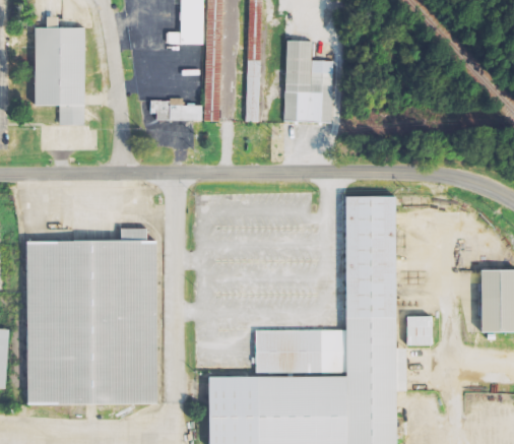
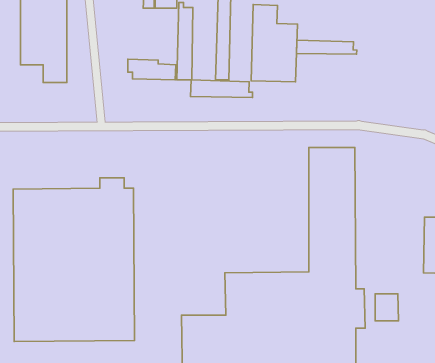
building: none -> [296,40,357,54]
building: none -> [190,80,253,97]
building: [407,316,433,345] -> [375,294,399,321]

